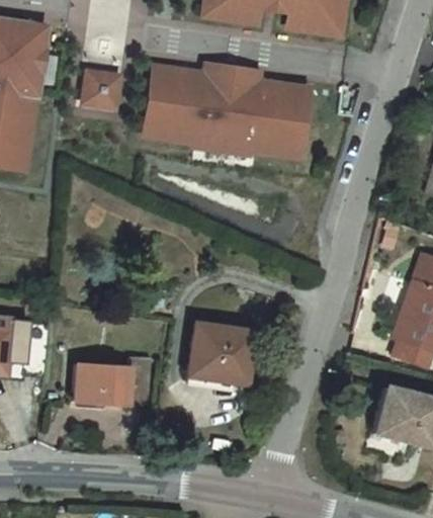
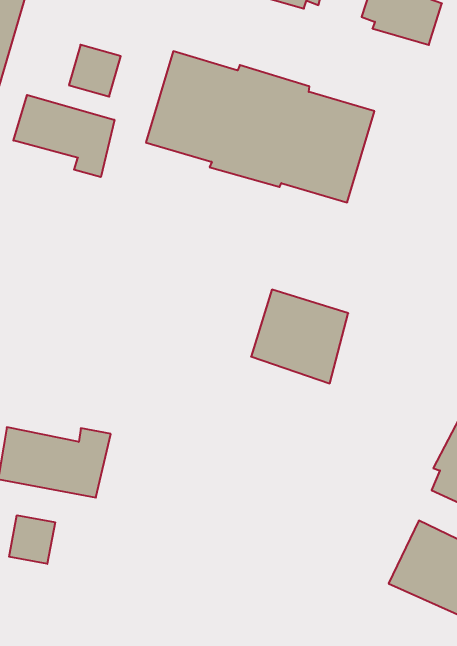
building: none -> [13,95,114,177]
building: [183,317,249,378] -> [251,290,348,383]
building: none -> [9,515,55,564]

